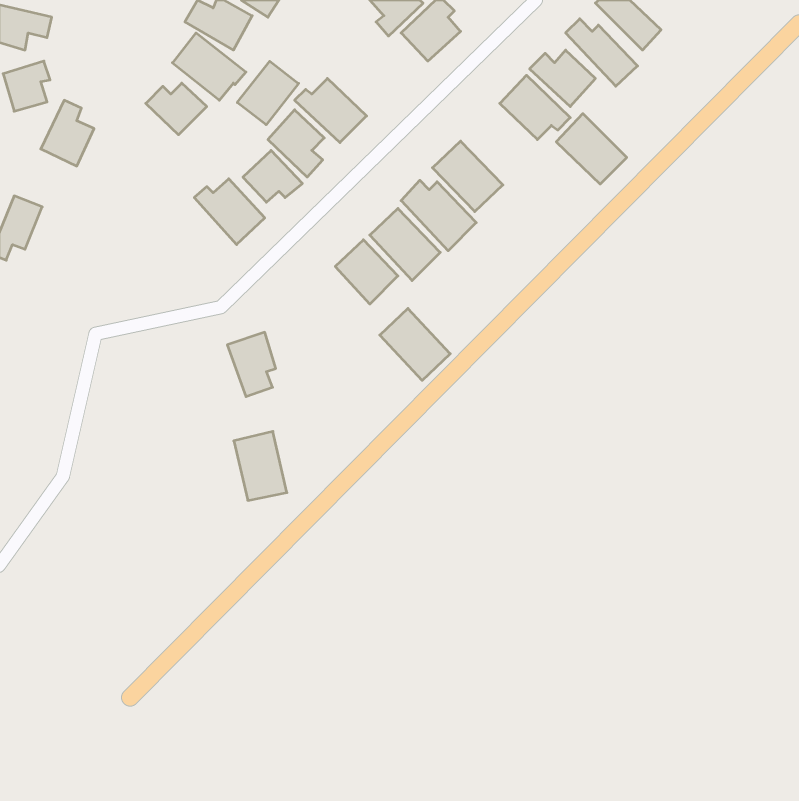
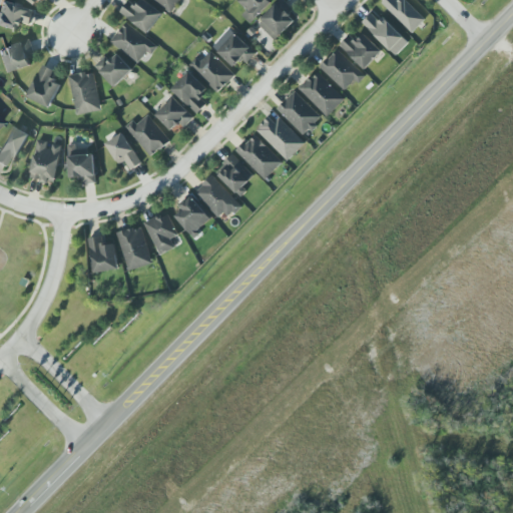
building: none -> [217,33,255,66]
building: [237,61,299,125] -> none
building: none -> [69,71,99,114]
building: [556,114,627,184] -> [299,70,344,115]
building: none -> [105,132,139,169]
building: none -> [29,138,60,182]
building: none -> [67,143,95,183]
building: none -> [174,194,211,235]
building: [380,308,450,380] -> [193,174,238,220]
building: none -> [89,235,117,272]
building: [234,431,287,500] -> [117,225,151,270]

